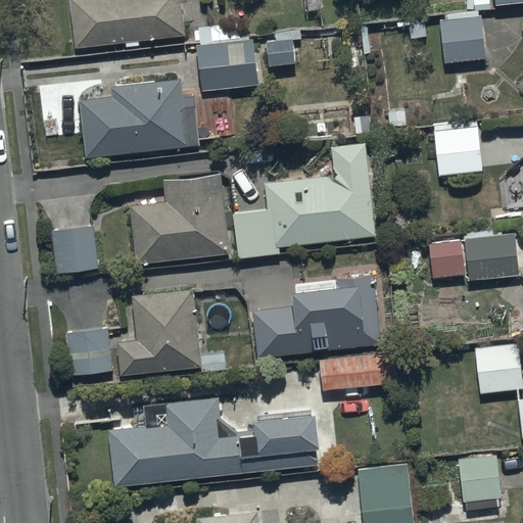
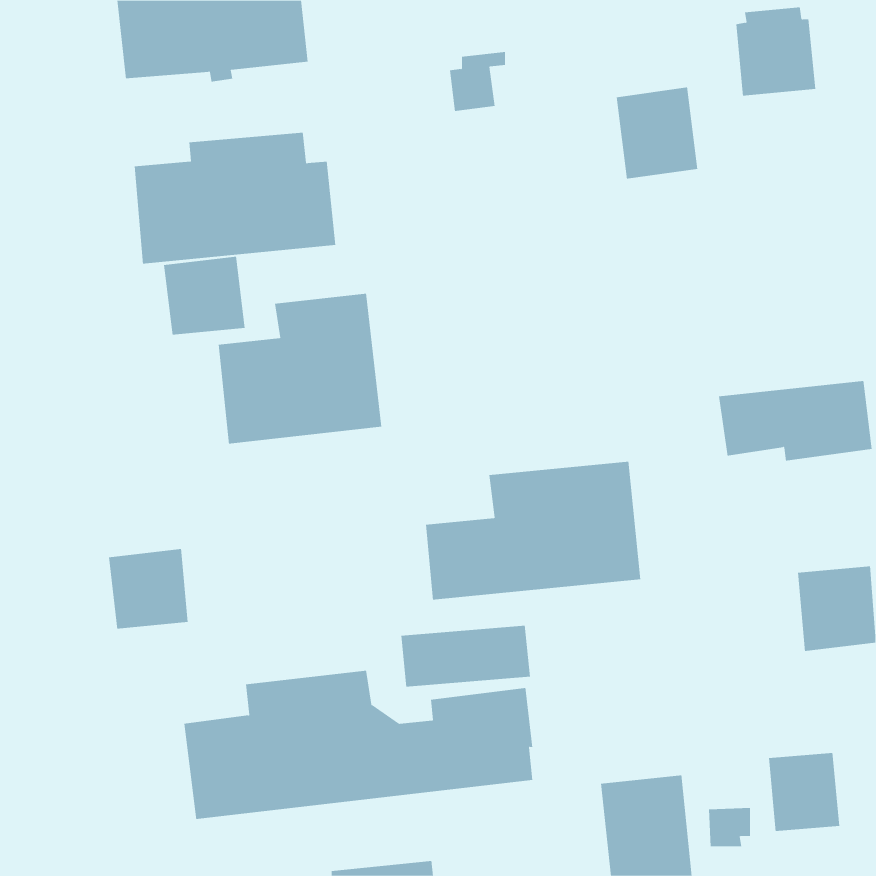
building: [197,23,260,92] -> none
building: [431,116,480,172] -> [616,87,698,179]
building: [233,143,374,258] -> none
building: [49,227,98,274] -> [163,256,245,335]
building: [117,288,199,377] -> none
building: [319,353,396,390] -> [400,625,531,687]

